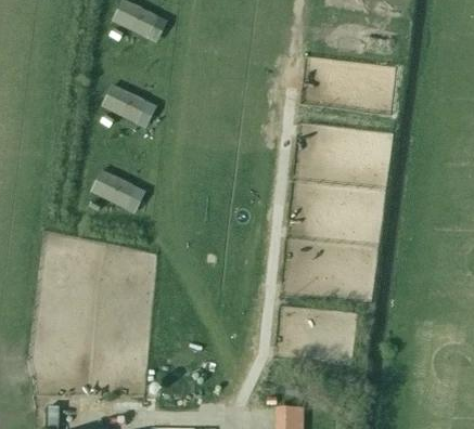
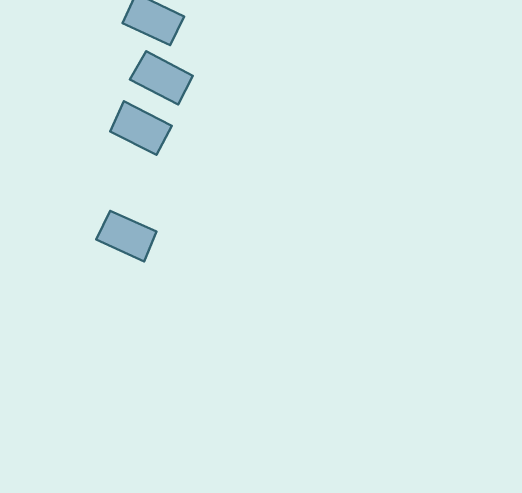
building: none -> [130,51,193,105]

